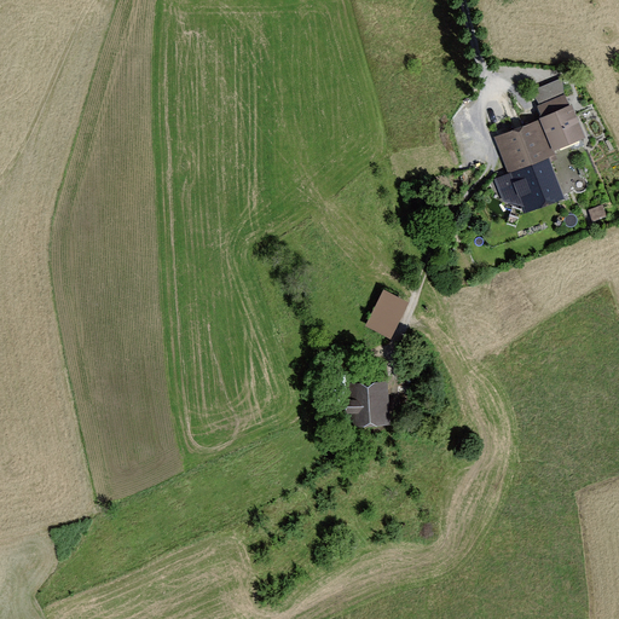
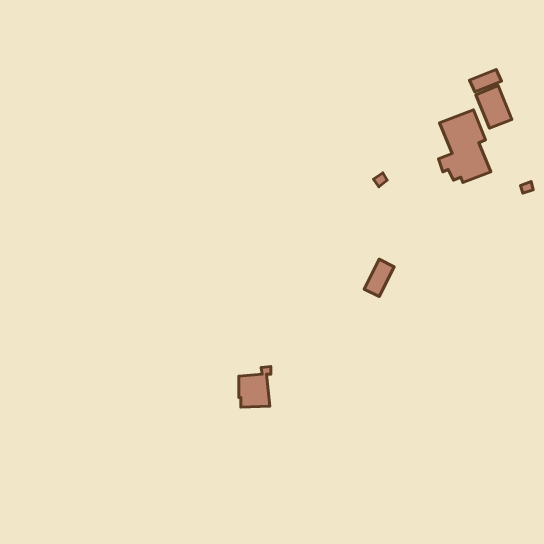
building: [369,291,403,334] -> [364,259,394,297]
building: [349,377,386,423] -> [239,367,271,407]

